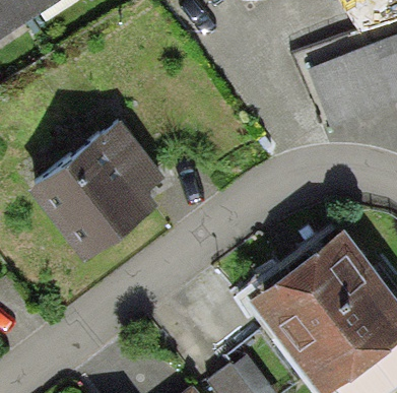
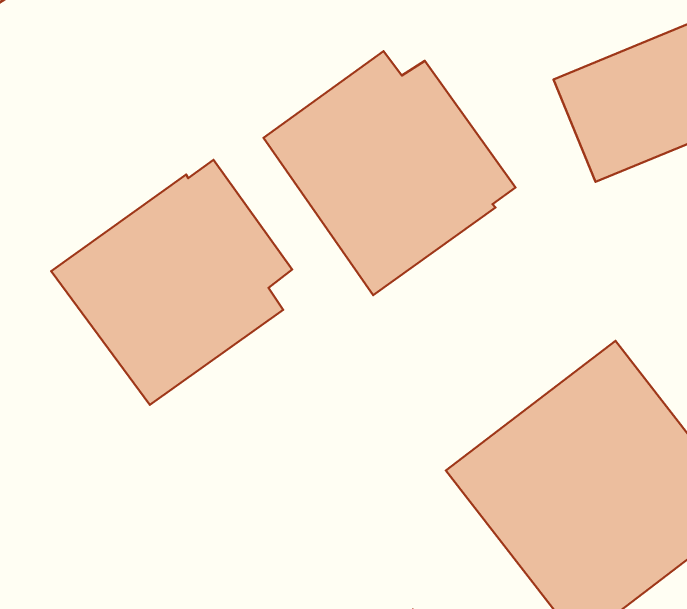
building: none -> [263,51,515,295]

